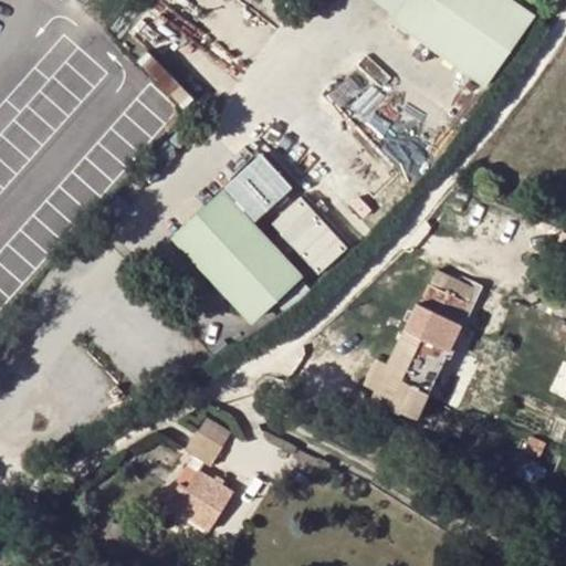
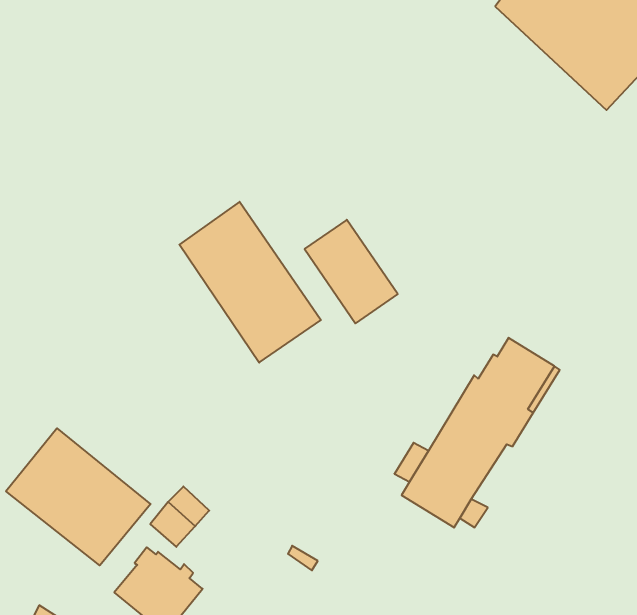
building: [226,154,293,221] -> none
building: none -> [6,428,151,565]

